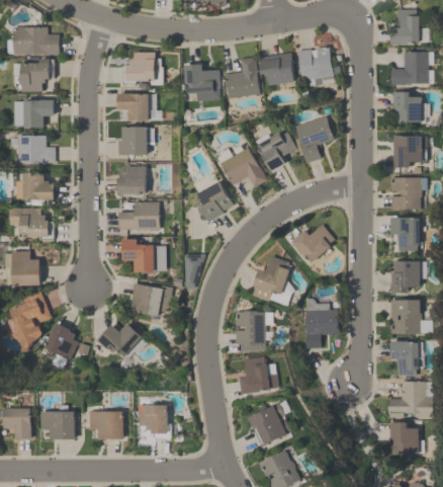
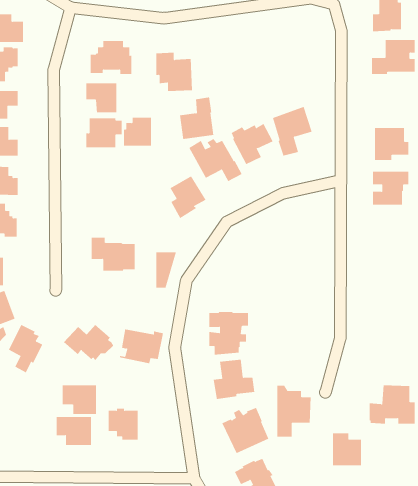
building: [297,47,335,86] -> none
building: [259,52,294,85] -> none
building: [226,57,259,97] -> [179,97,214,140]
building: [392,92,430,123] -> none
building: [118,167,146,194] -> [123,117,152,146]
building: [118,202,159,230] -> none
building: [391,218,423,251] -> none
building: [292,225,335,263] -> none
building: [251,256,295,306] -> none
building: [391,260,421,293] -> none
building: [129,283,172,317] -> [119,329,164,364]
building: [305,299,339,348] -> [276,385,311,437]
building: [391,300,422,333] -> none
building: [391,341,424,377] -> none
building: [41,411,75,439] -> [62,385,97,414]
building: [390,422,419,454] -> [332,433,362,466]

